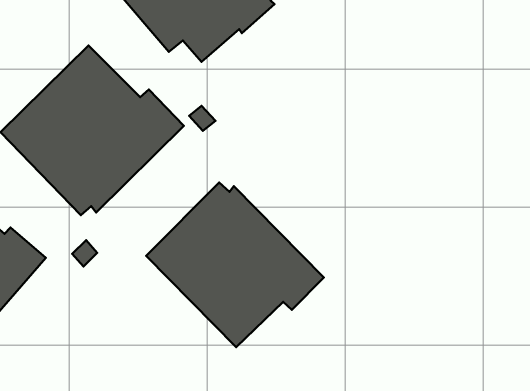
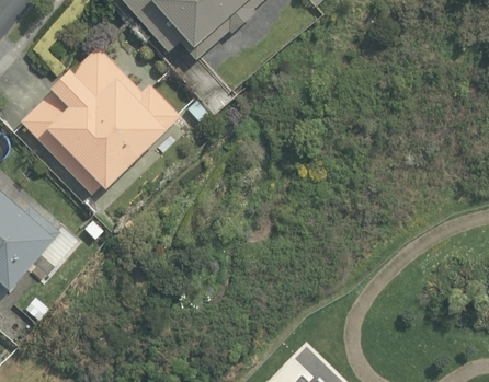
building: [146,182,324,347] -> none

